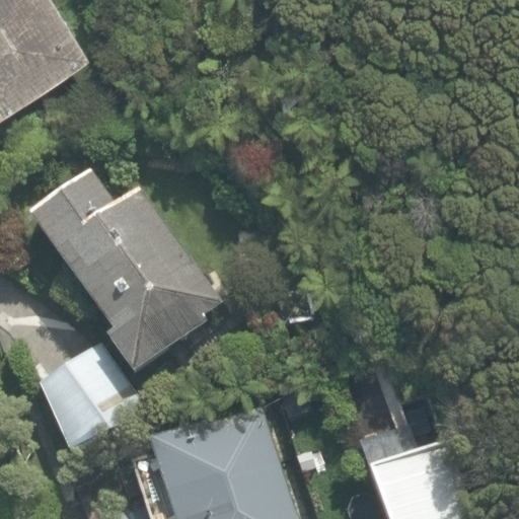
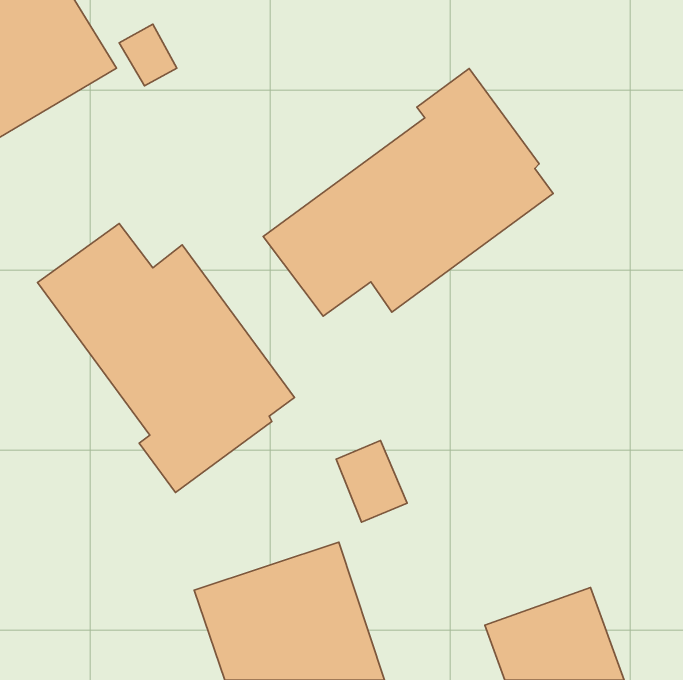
building: none -> [263,69,553,316]
building: [42,341,152,449] -> none

